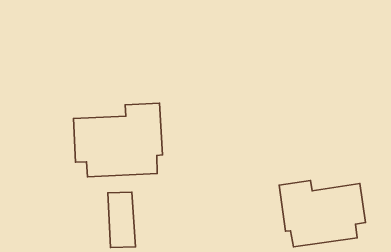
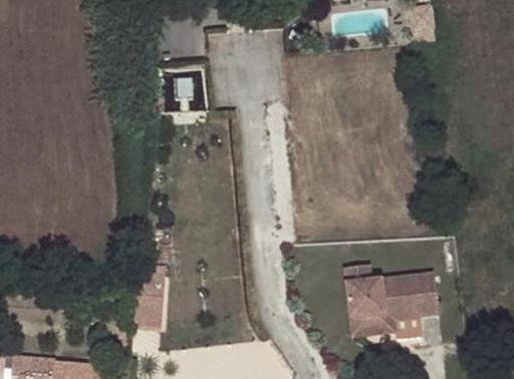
building: [74,103,162,177] -> none

